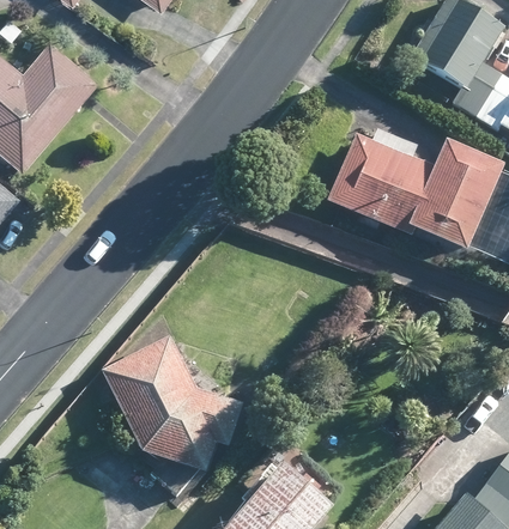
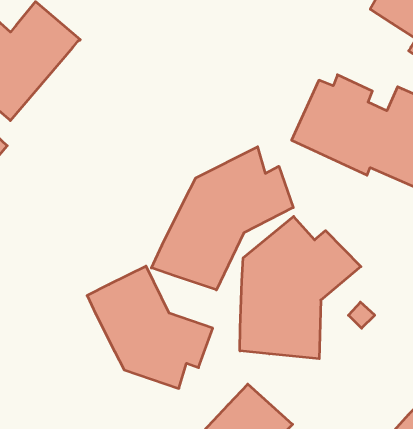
building: none -> [151,147,293,290]
building: none -> [240,216,361,359]

